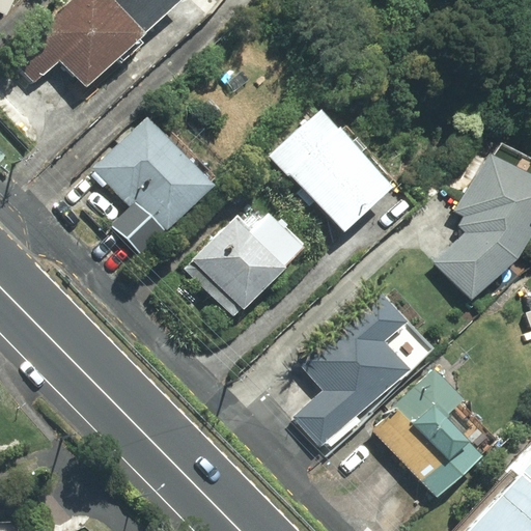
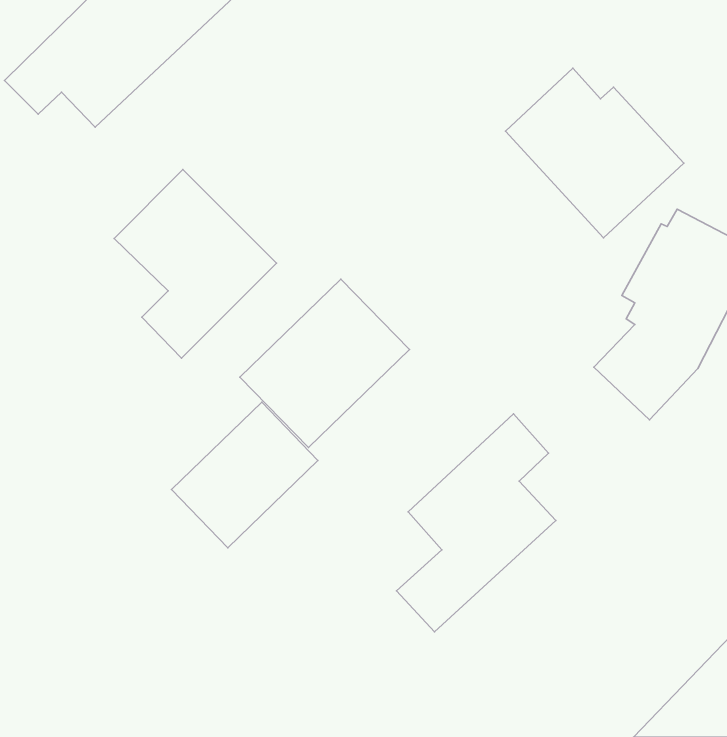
building: [269,114,395,234] -> [505,68,684,238]
building: none -> [172,402,318,548]
building: [363,369,503,500] -> none

